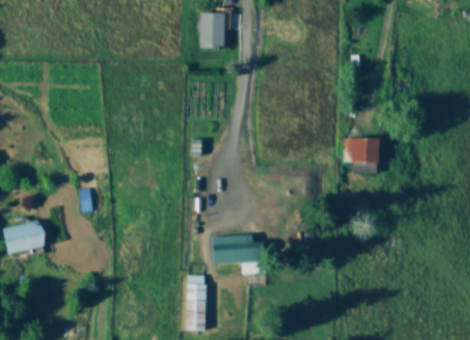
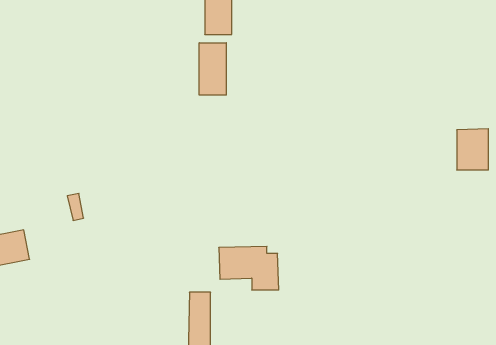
building: none -> [199,43,226,95]
building: [352,137,380,173] -> [457,129,488,170]

